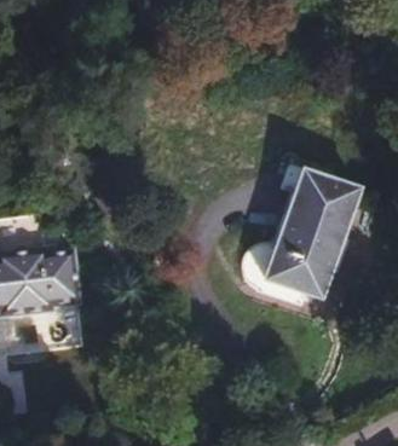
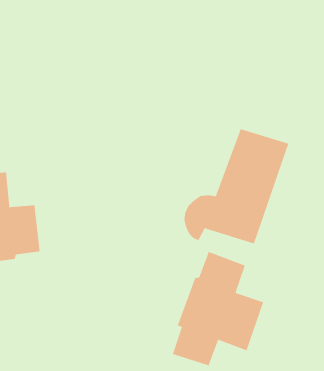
building: none -> [172,251,264,366]

